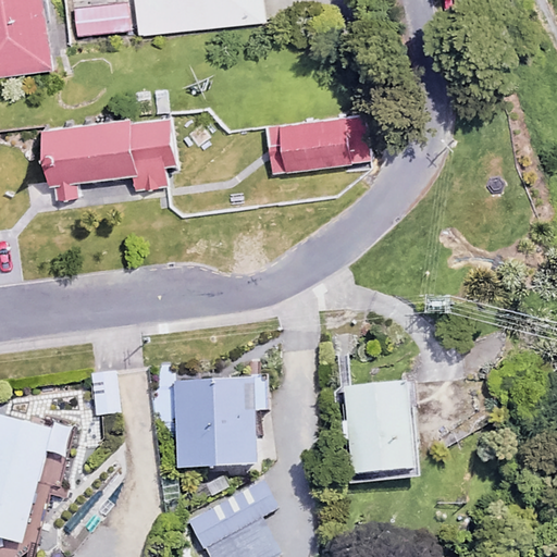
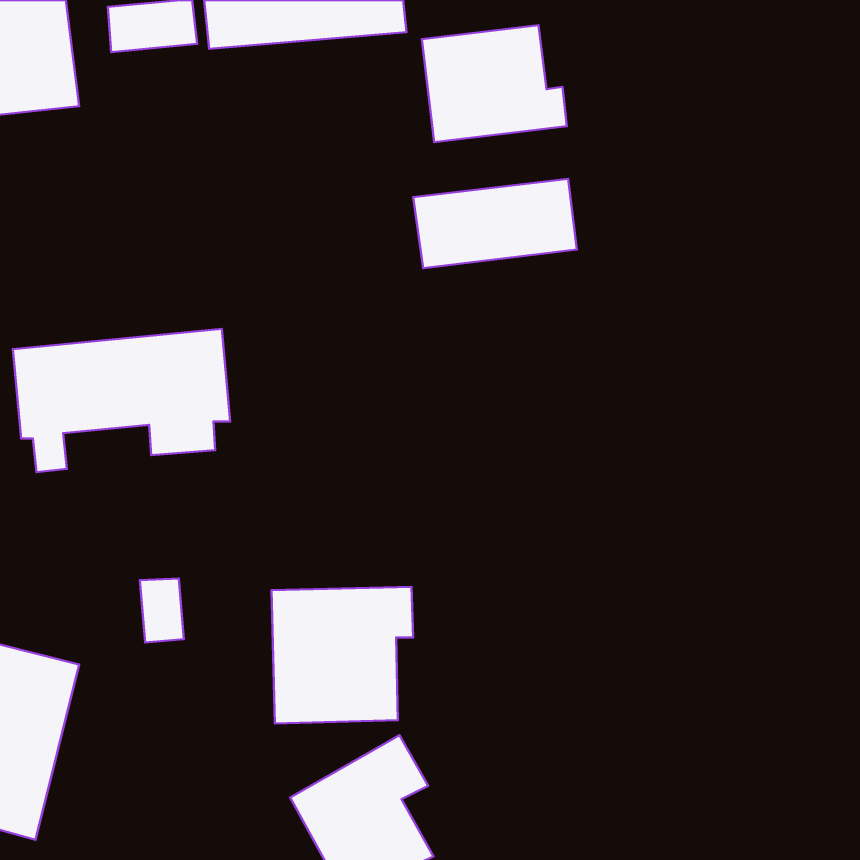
building: none -> [422,25,567,142]
building: [40,109,181,201] -> [13,329,230,472]
building: [338,382,421,484] -> none

